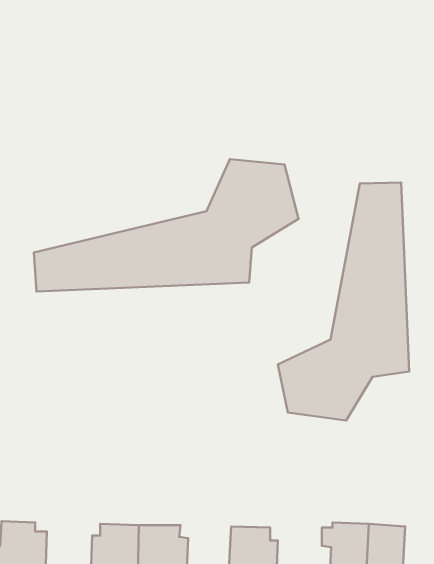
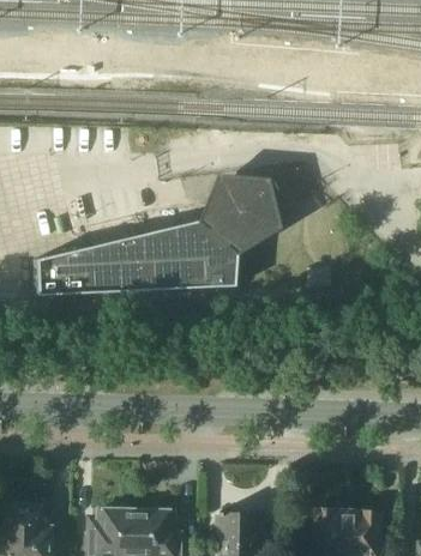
building: [278,182,409,420] -> none

